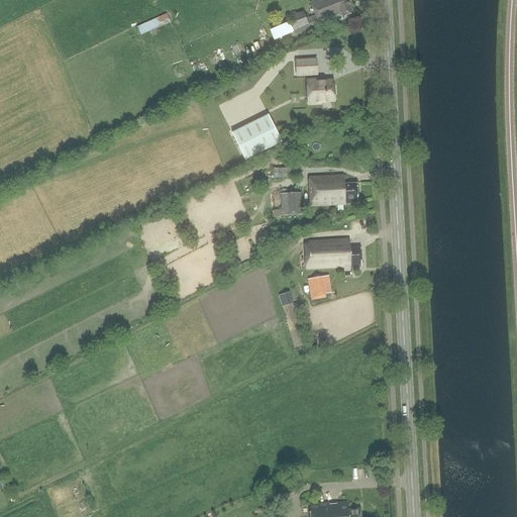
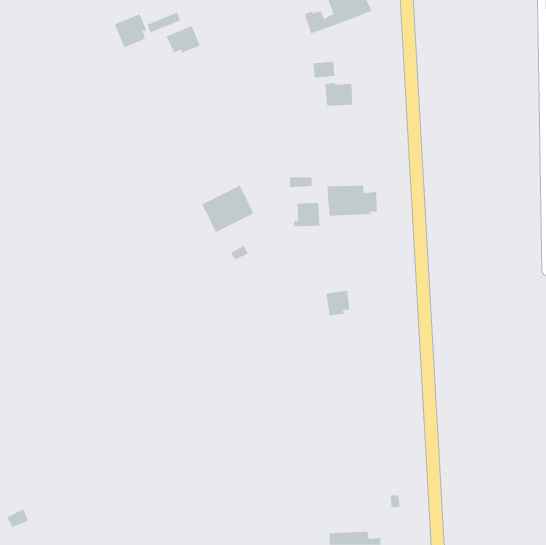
building: none -> [114,13,147,48]
building: none -> [166,25,200,54]
building: [231,113,281,159] -> [202,185,254,233]
building: [304,237,361,275] -> none

